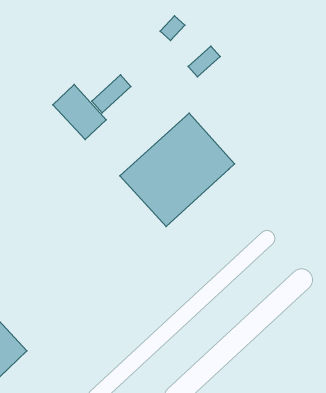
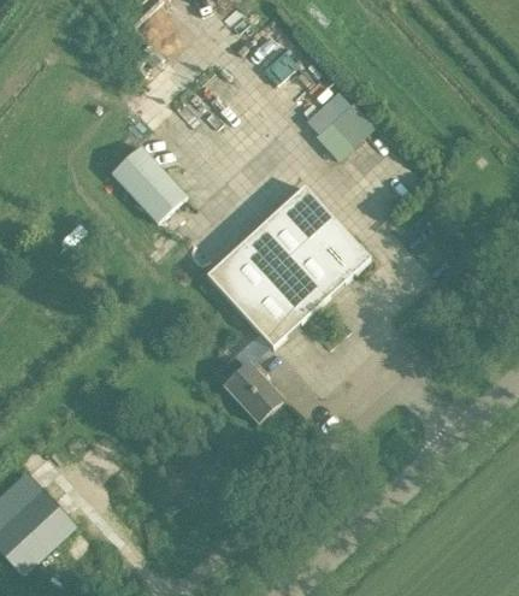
building: none -> [315,102,374,161]
building: [92,75,131,113] -> none
building: none -> [219,355,283,421]

